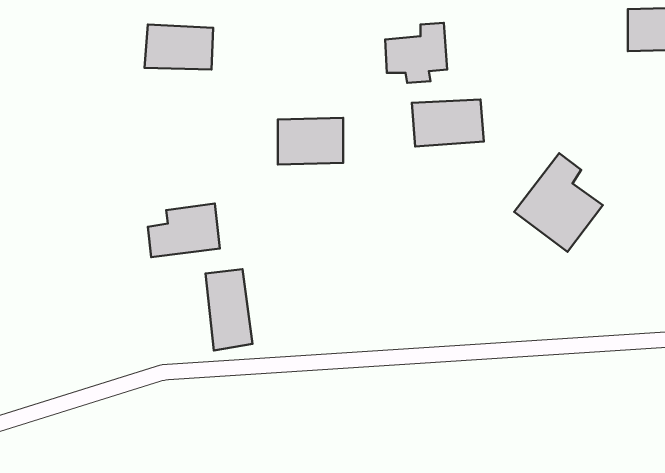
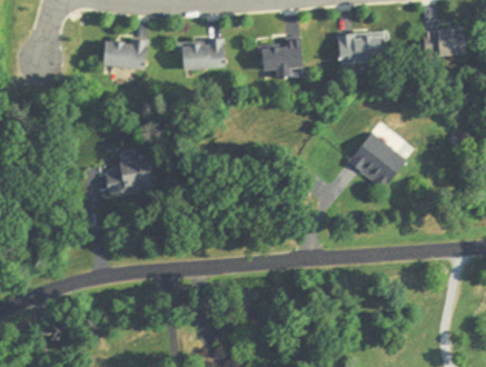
building: [412,100,484,146] -> [337,31,385,62]
building: [278,118,343,165] -> [181,39,225,70]
building: [205,269,252,350] -> none

